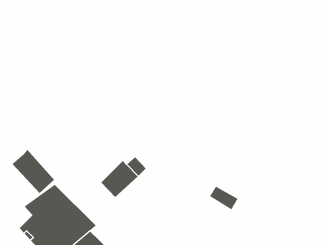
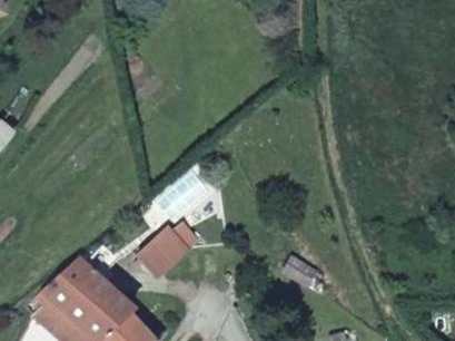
building: [11,149,55,194] -> none

